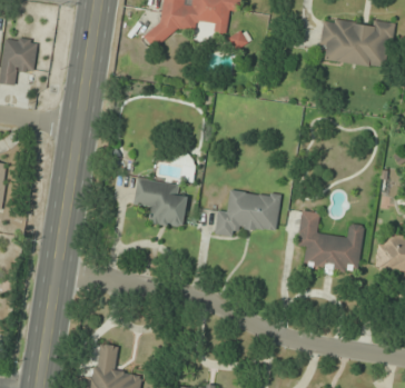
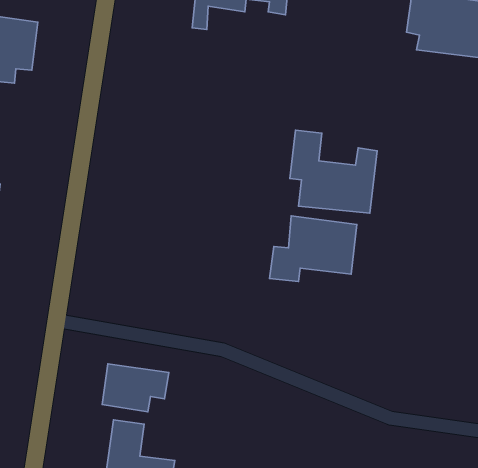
building: [132,177,187,227] -> none
building: [296,209,363,272] -> [290,130,377,213]
building: none -> [102,364,169,412]

